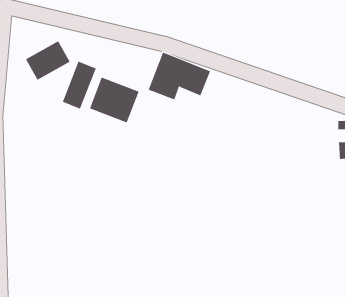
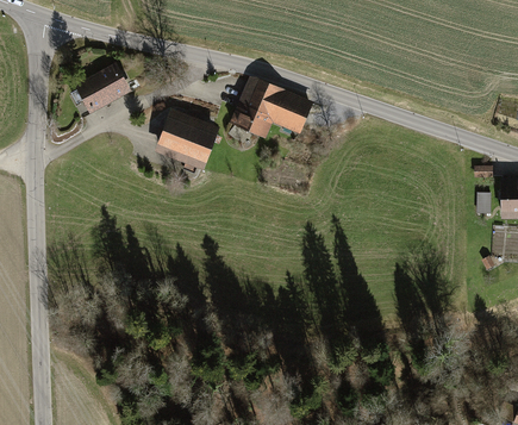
building: [62,61,96,109] -> none

